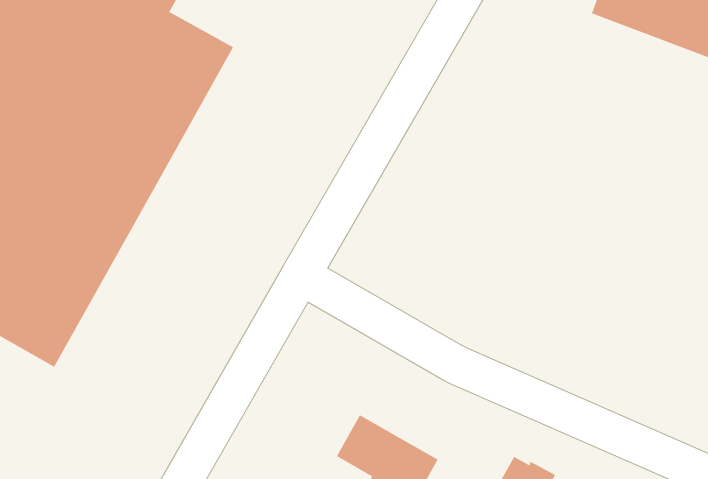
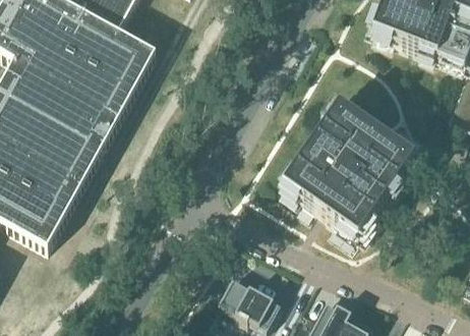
building: none -> [283,103,414,236]

